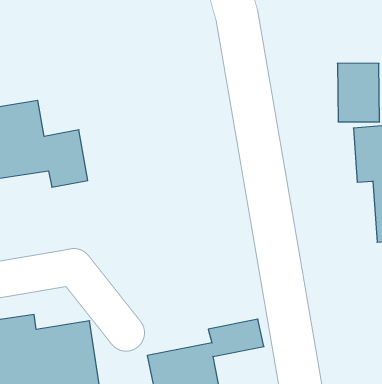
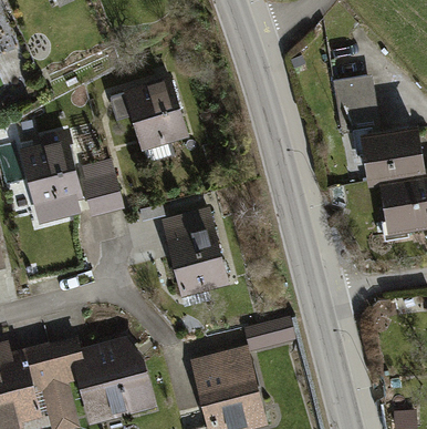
building: none -> [122,79,186,152]
building: none -> [159,205,229,294]

